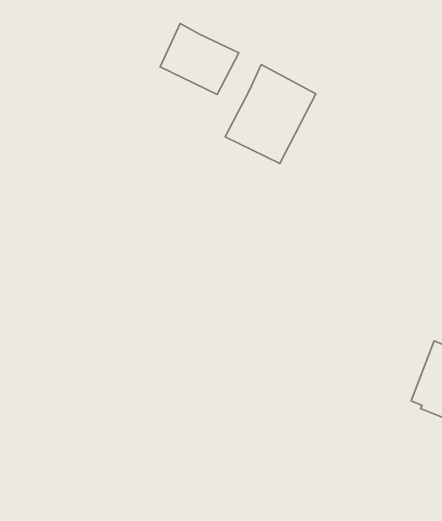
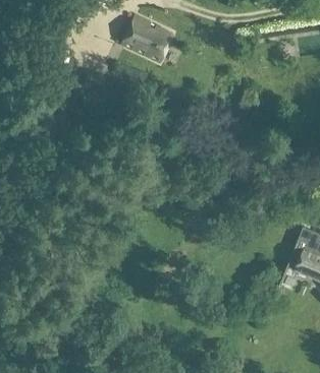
building: [225,65,316,163] -> none

